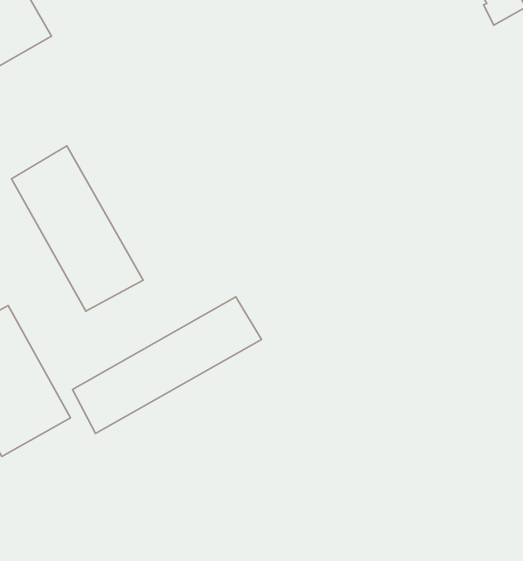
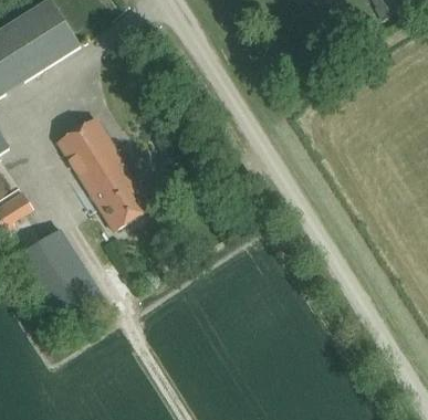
building: [73,297,262,433] -> none

